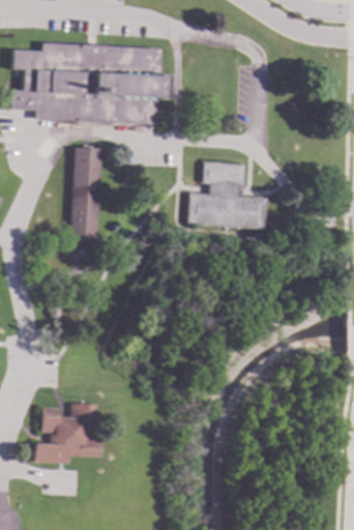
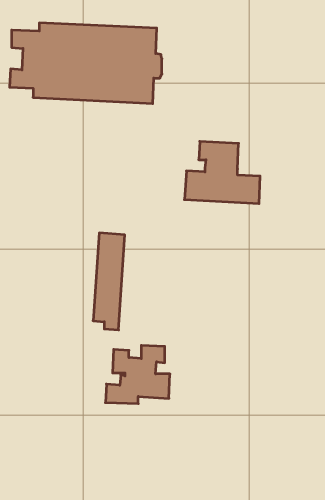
building: [69,147,101,245] -> [93,233,125,330]
building: [35,403,100,462] -> [105,345,170,404]

